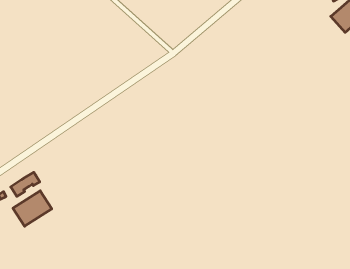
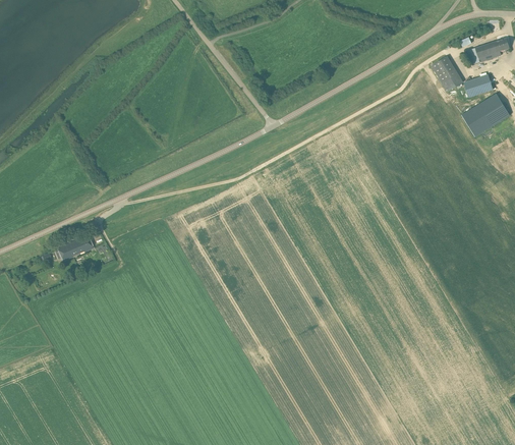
building: [13,191,52,226] -> none

